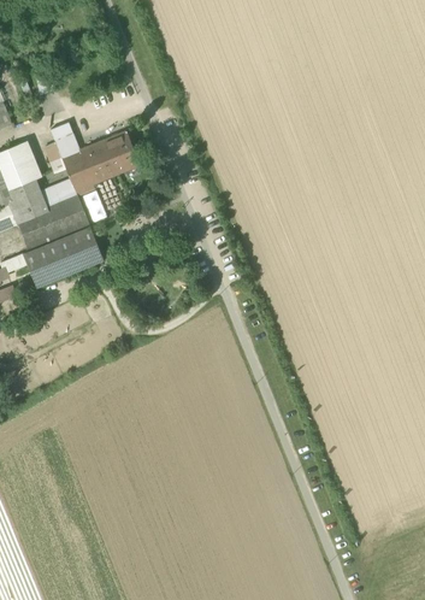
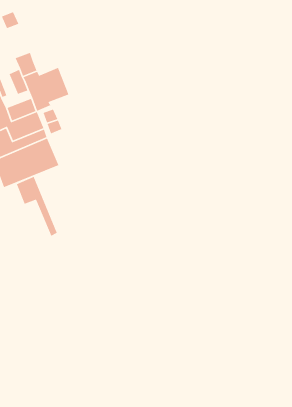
building: [102,131,140,175] -> none
building: none -> [16,176,58,237]

